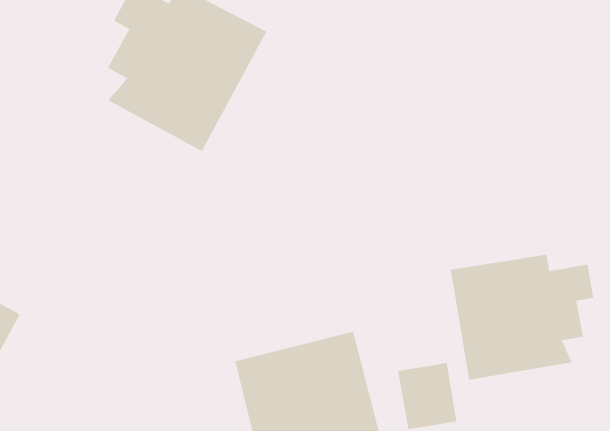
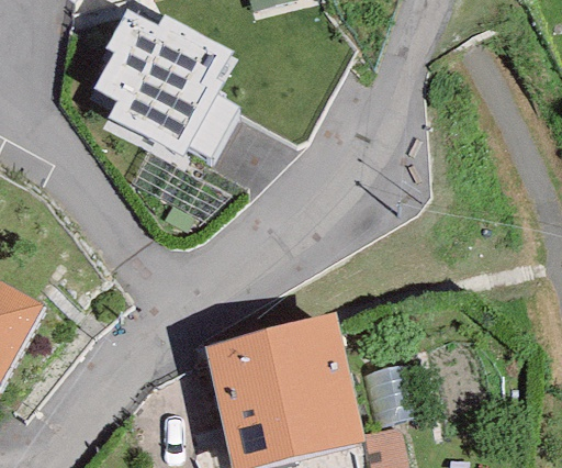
building: [450,254,594,380] -> none

